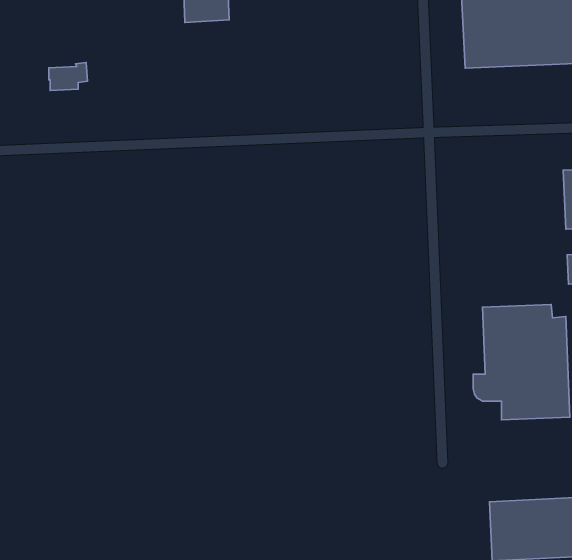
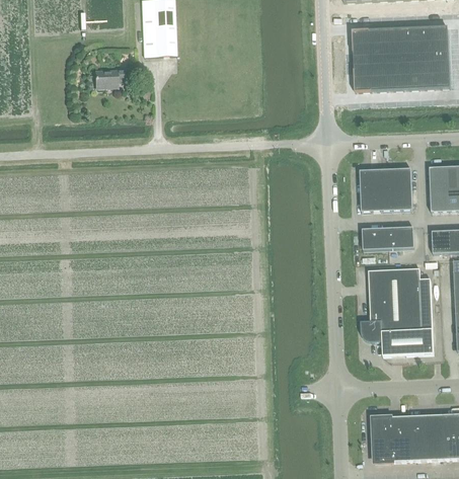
building: [49,62,88,91] -> [95,66,125,87]
building: none -> [360,168,412,212]
building: none -> [362,227,414,249]

